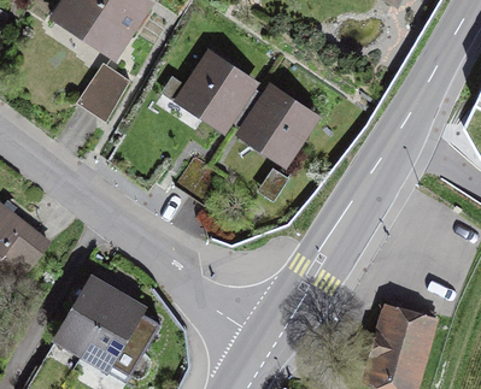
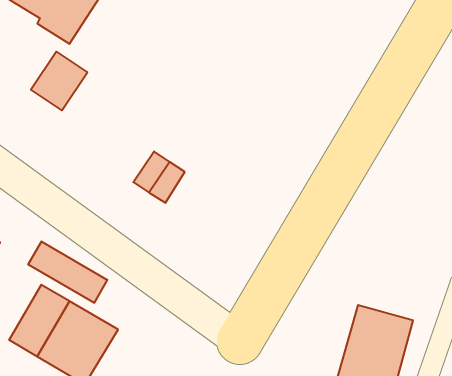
building: [180,52,252,124] -> none
building: [242,87,313,157] -> none
building: none -> [28,241,107,303]

